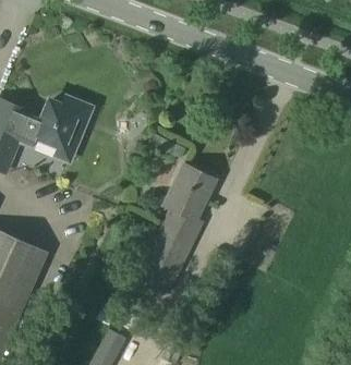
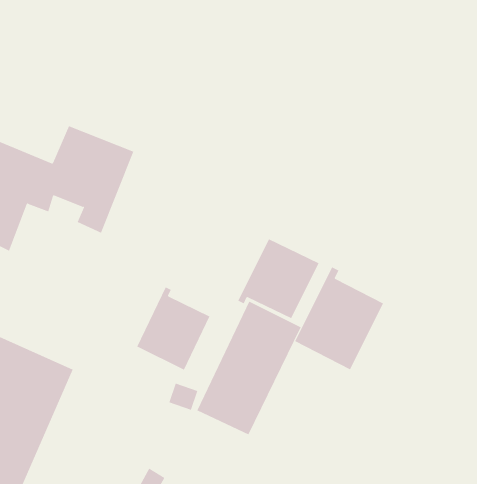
building: none -> [294,266,384,370]
building: none -> [137,286,210,370]

